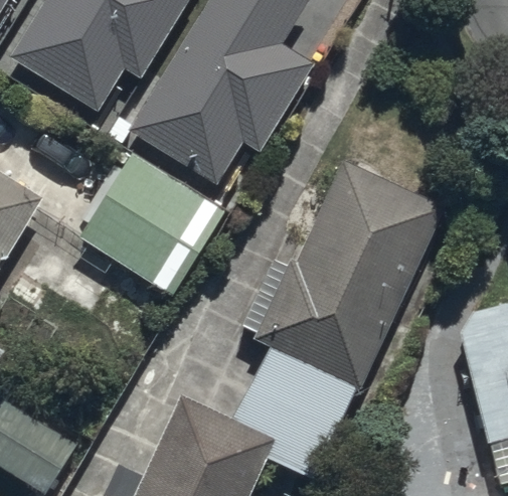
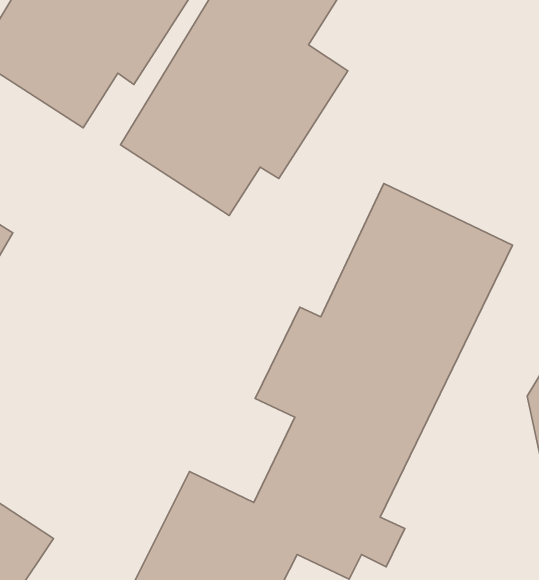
building: [80,153,224,293] -> none

